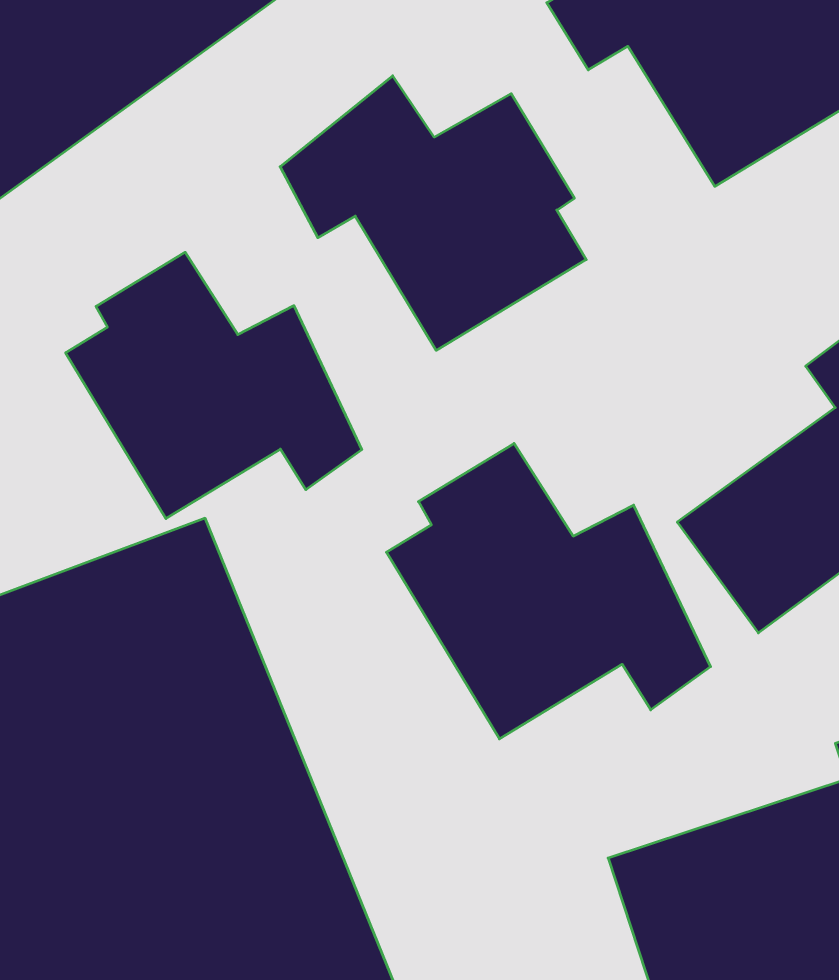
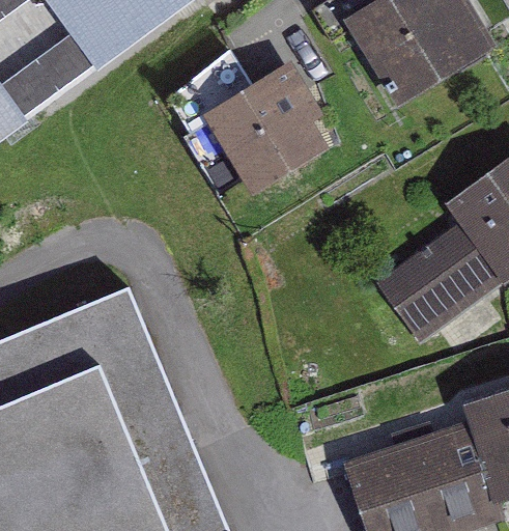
building: [66,252,362,519] -> none
building: [386,443,711,739] -> none

